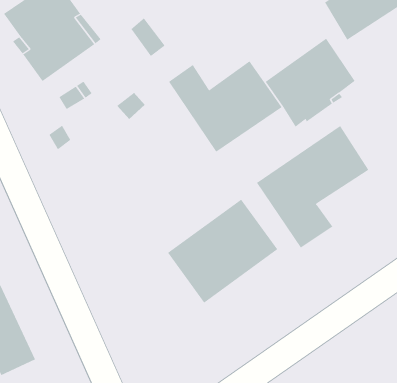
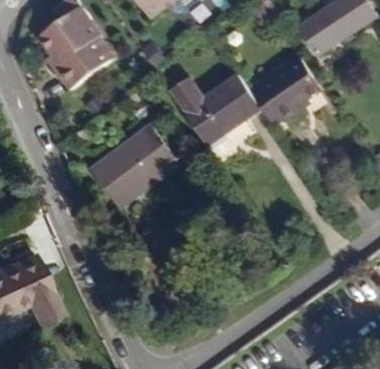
building: [256,125,369,248] -> none
building: [167,199,278,303] -> [89,124,179,208]

